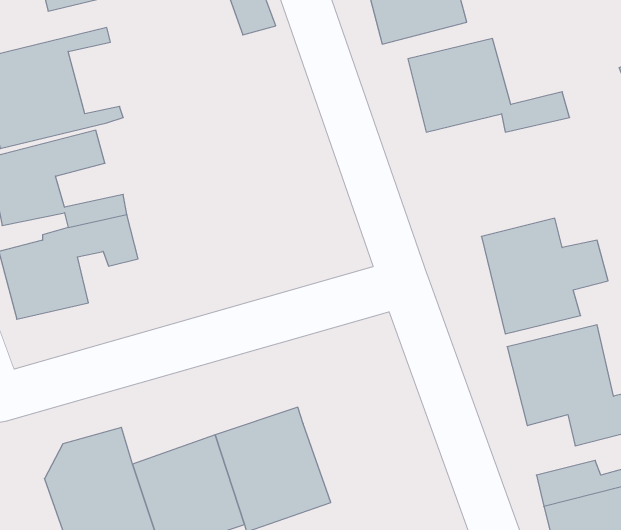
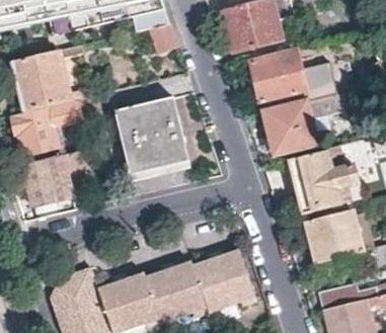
building: none -> [263,93,341,154]
building: none -> [114,97,187,175]
building: none -> [190,246,253,311]

